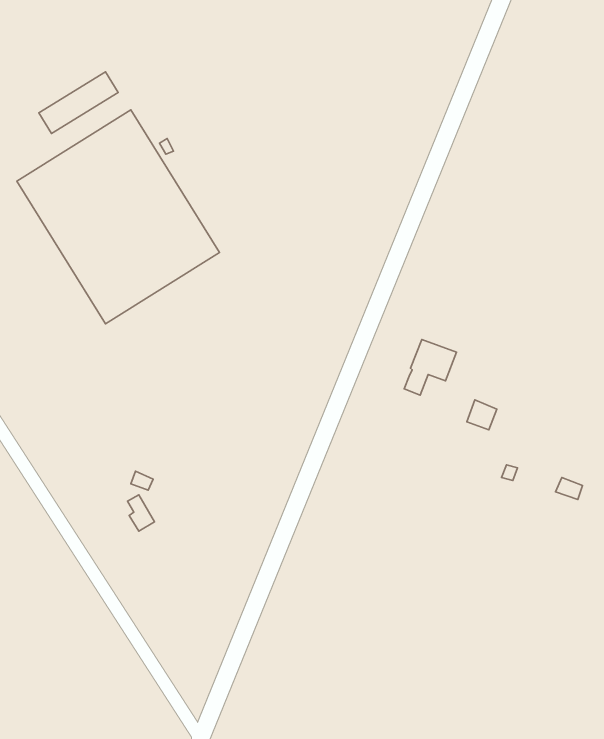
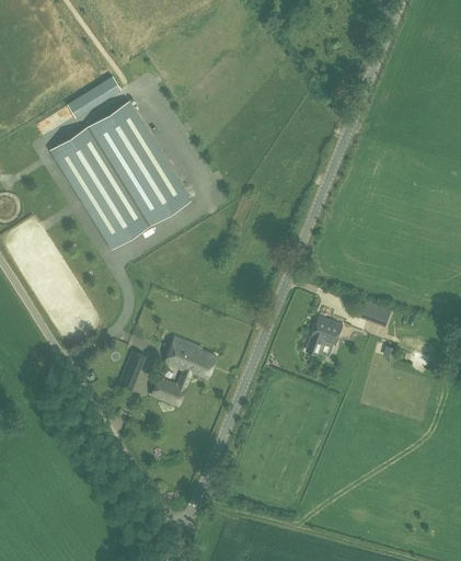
building: [404,340,457,395] -> [308,316,344,354]
building: none -> [150,336,217,407]

